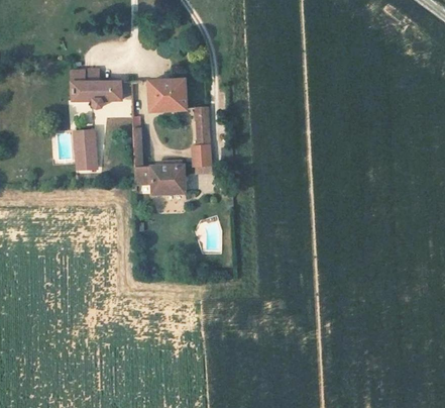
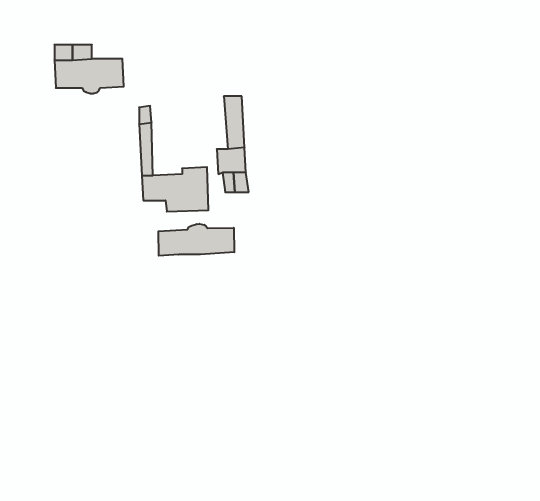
building: [147,79,187,110] -> none
building: [74,130,96,168] -> none
building: none -> [158,224,234,256]

